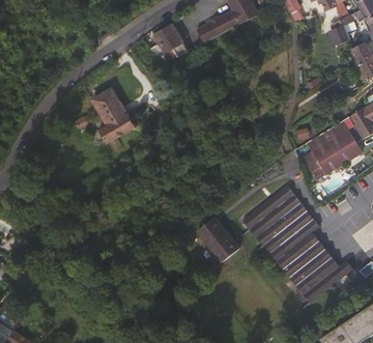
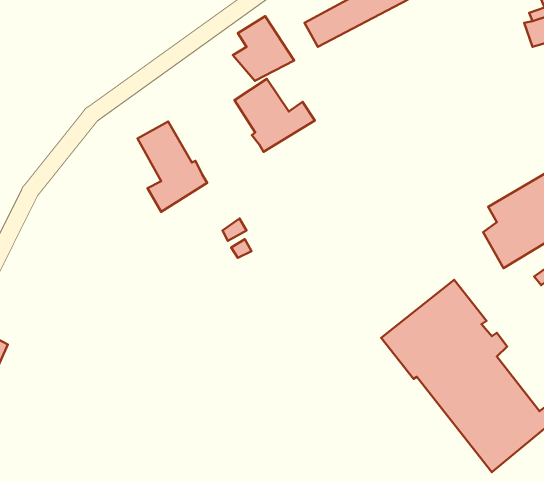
building: none -> [235,79,315,152]
building: [196,217,238,262] -> none

